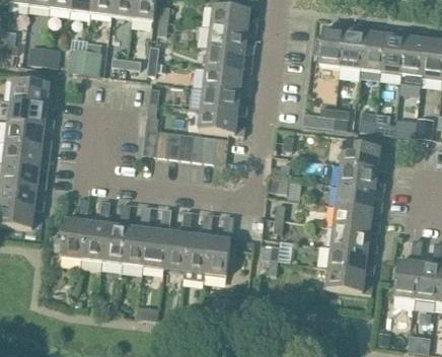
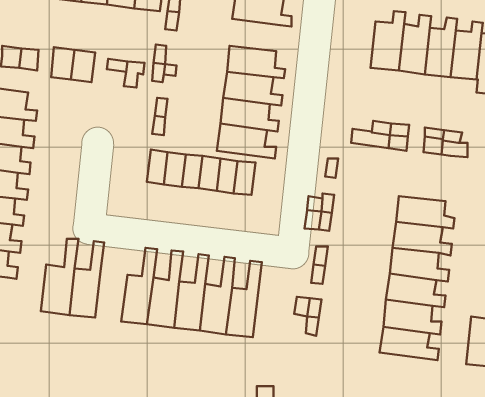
building: [207,26,253,53] -> none
building: [340,143,386,170] -> none
building: [101,203,129,264] -> none

